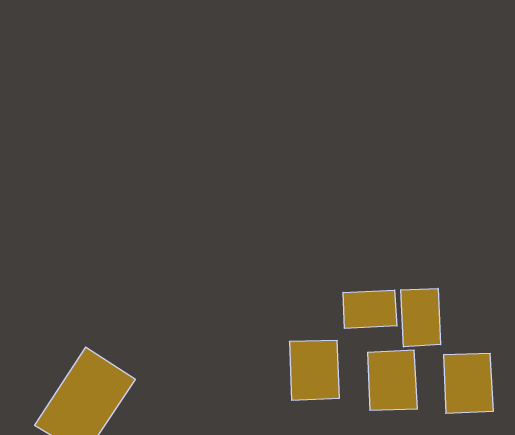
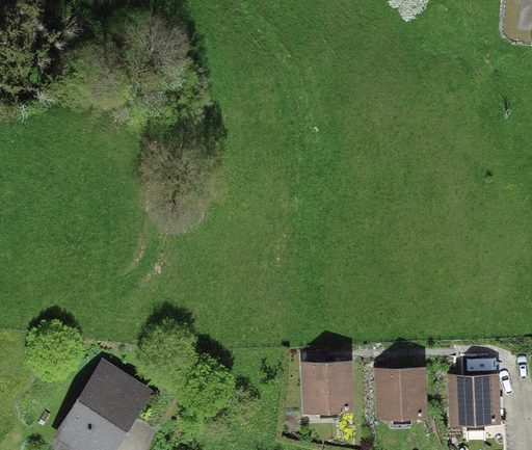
building: [401,288,441,347] -> none
building: [343,290,397,328] -> none

